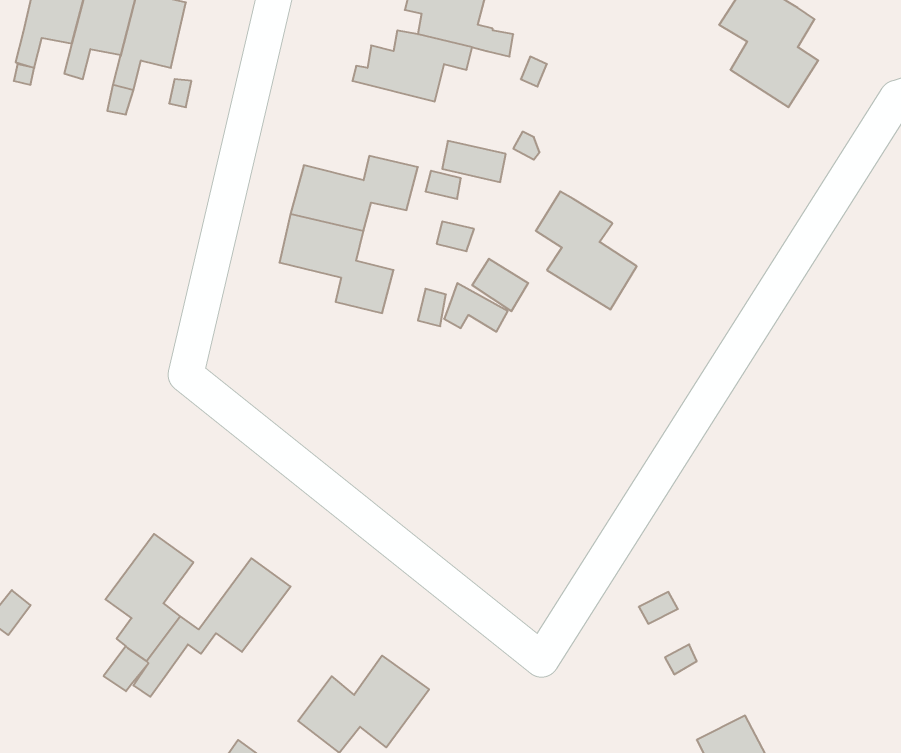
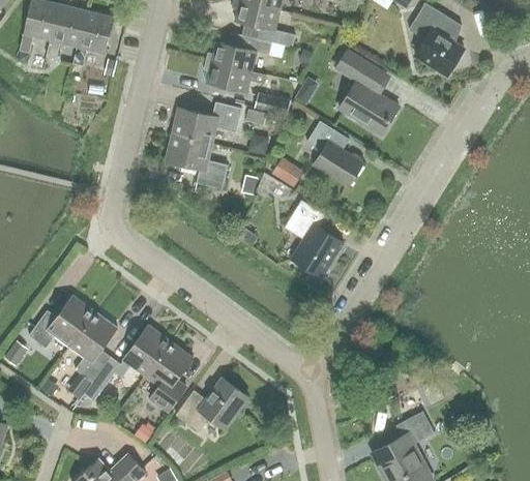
building: none -> [335,51,398,134]
building: none -> [203,61,265,93]
building: none -> [284,200,343,278]
building: none -> [28,295,95,349]
building: none -> [144,340,193,412]

